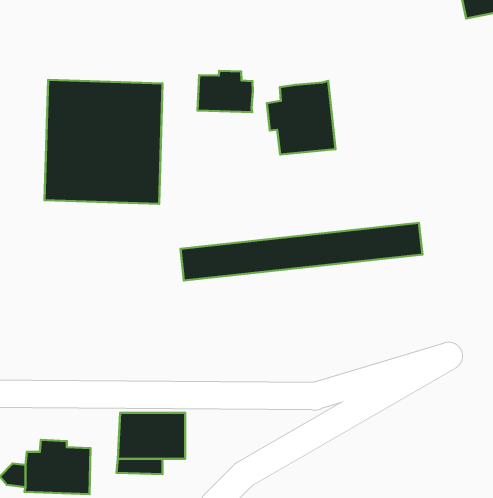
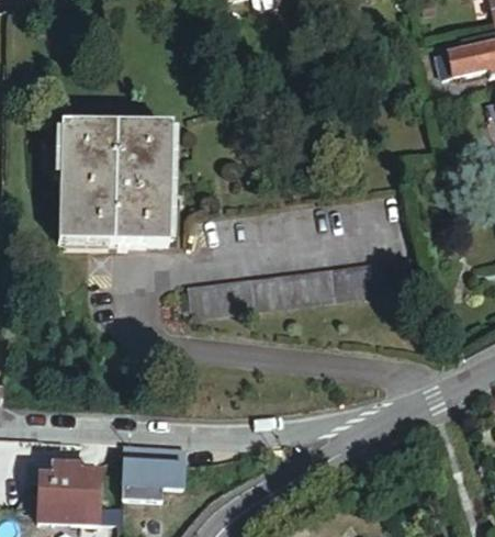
building: [198,71,253,112] -> none
building: [267,81,336,155] -> none

